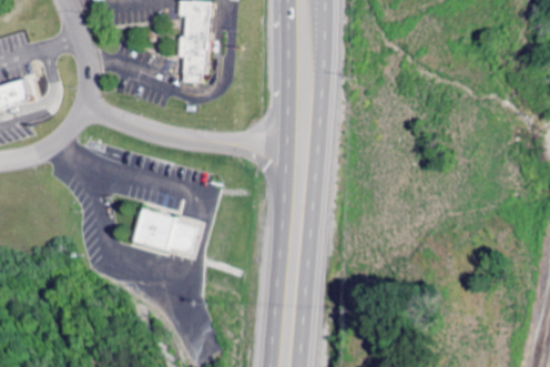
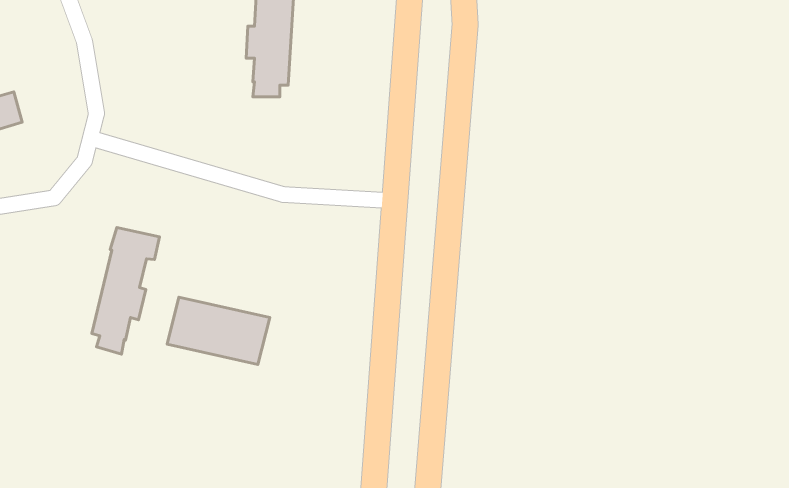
building: none -> [92,228,160,354]

